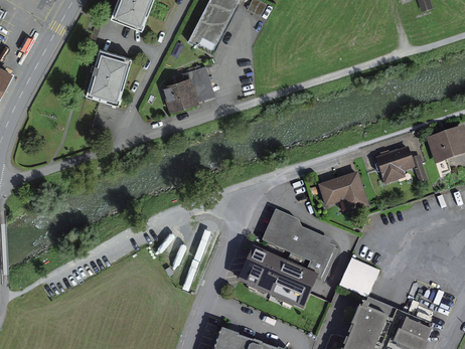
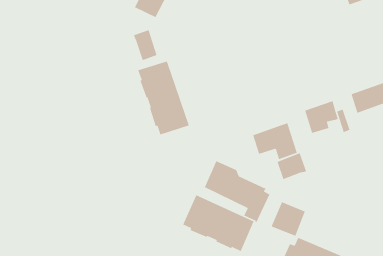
building: [86,48,133,106] -> none
building: [162,79,197,113] -> none
building: none -> [137,60,190,136]
building: none -> [276,152,307,180]

